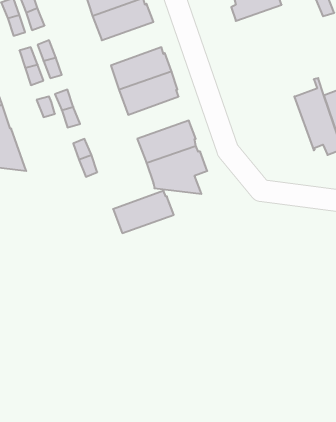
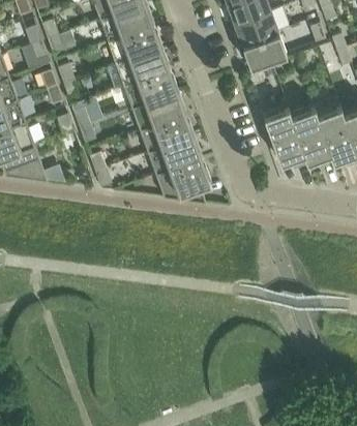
building: none -> [237,31,286,65]
building: none -> [116,47,170,86]
building: none -> [263,98,307,168]
building: [113,191,174,233] -> [140,114,195,152]

